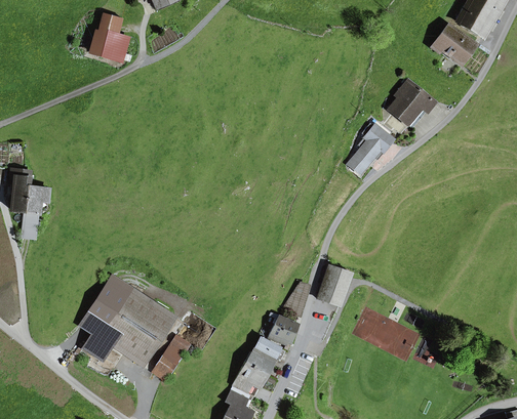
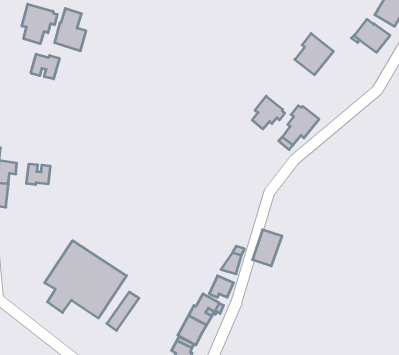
building: none -> [22,4,57,44]
building: none -> [31,54,59,79]
building: [390,81,434,128] -> [295,33,333,75]
building: none -> [252,96,285,129]
building: none -> [26,164,50,185]

